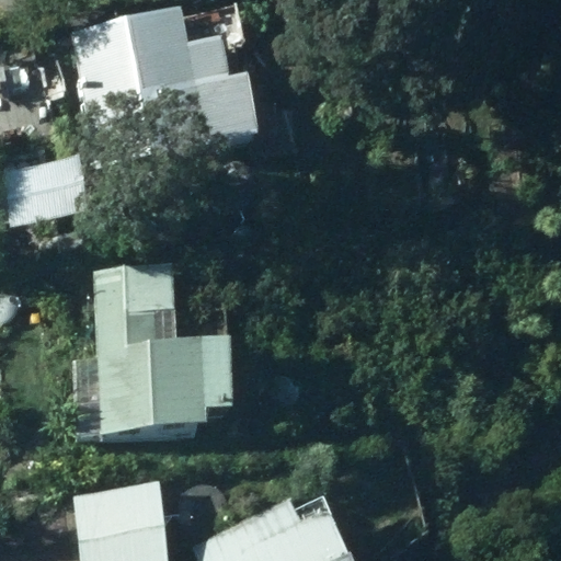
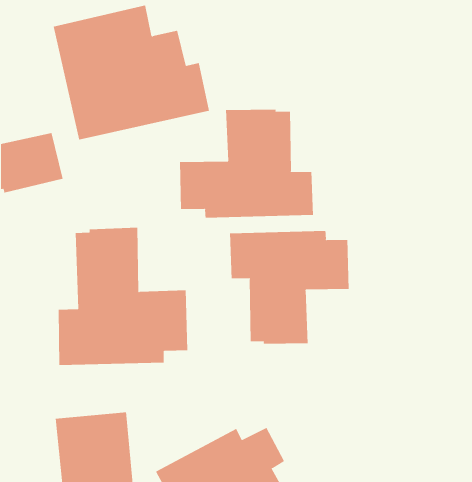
building: none -> [179,109,313,218]
building: none -> [229,230,349,344]

